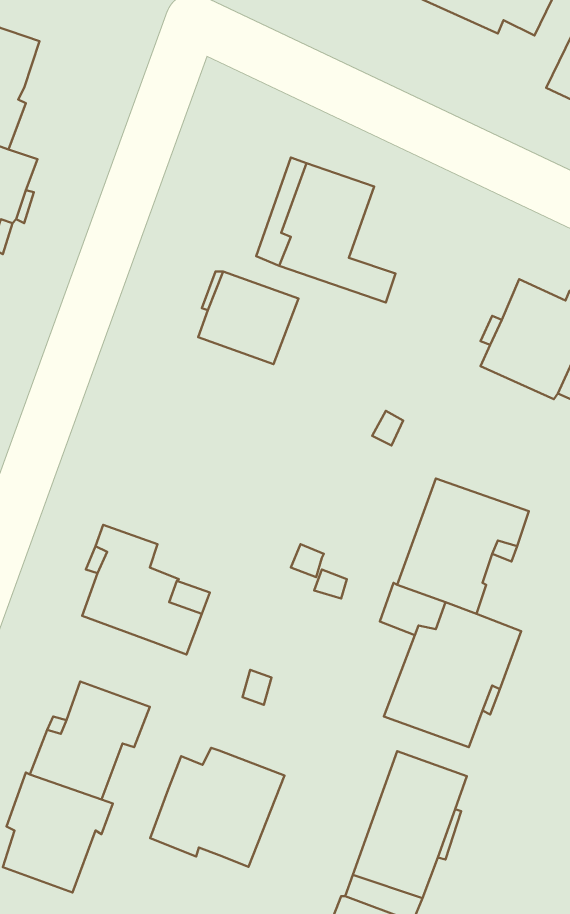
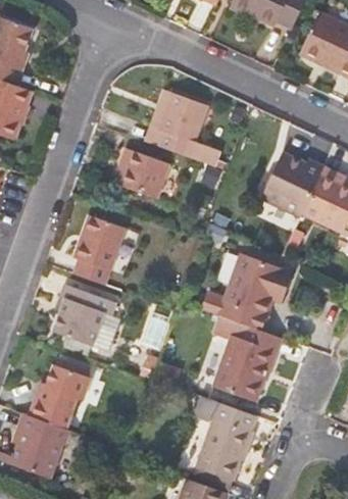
building: none -> [73,216,125,285]
building: [150,748,284,867] -> none

